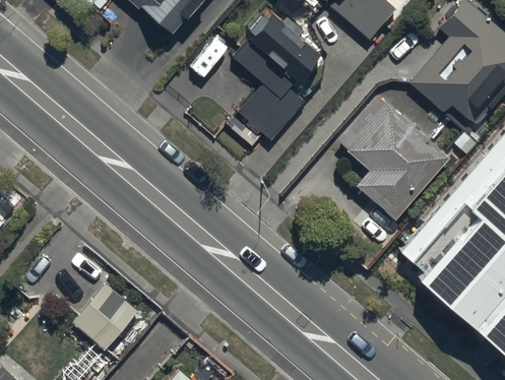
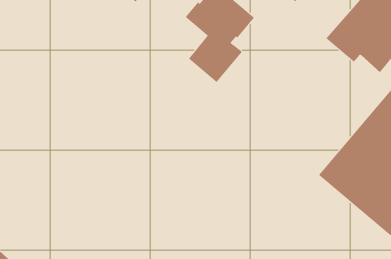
building: [333,98,449,221] -> none
building: [70,271,139,341] -> none

